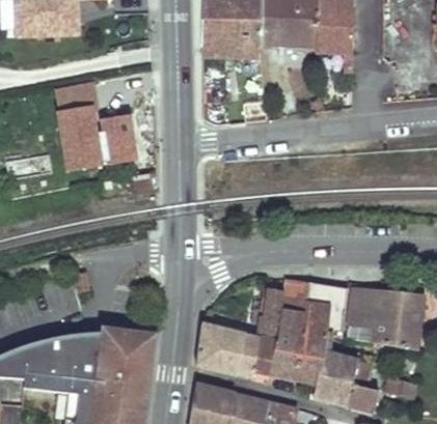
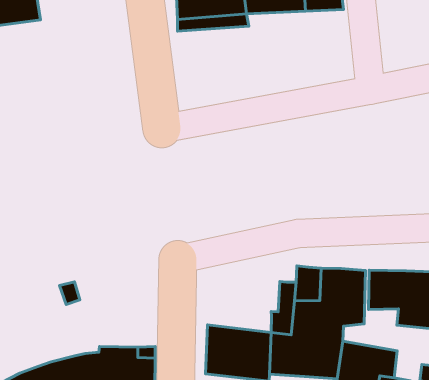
building: [58,81,135,168] -> none

